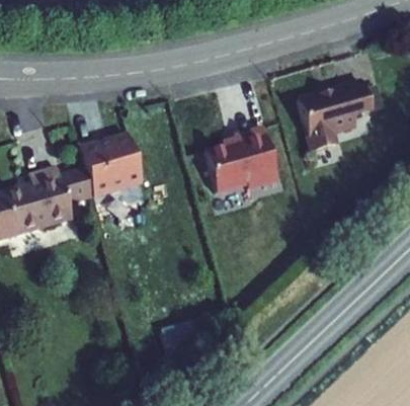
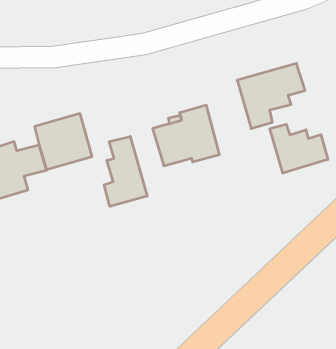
building: none -> [270,124,328,173]
building: none -> [104,136,147,206]

